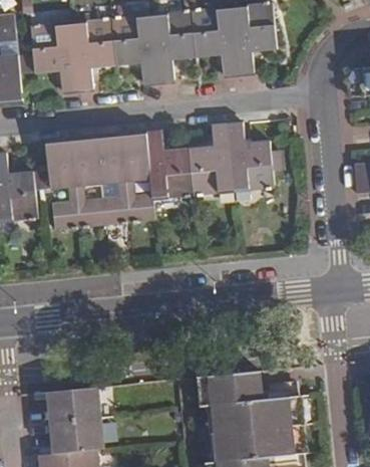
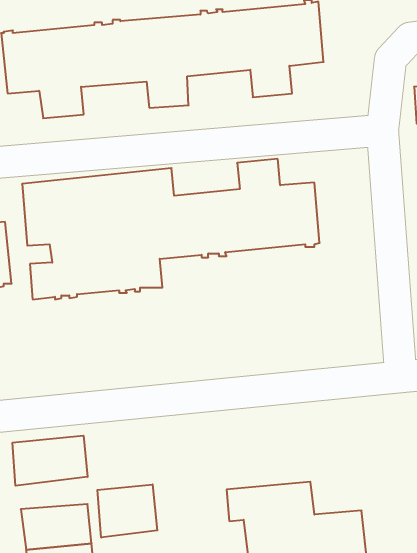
building: none -> [13,436,88,486]
building: none -> [97,484,157,538]

